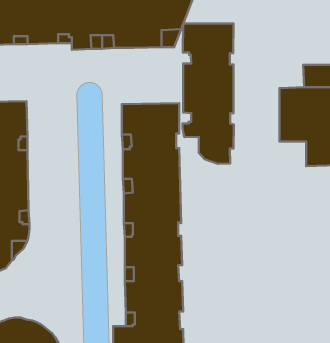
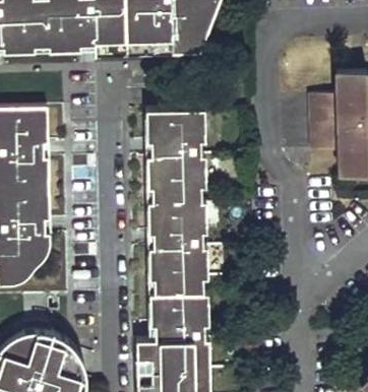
building: [183,24,234,164] -> none

